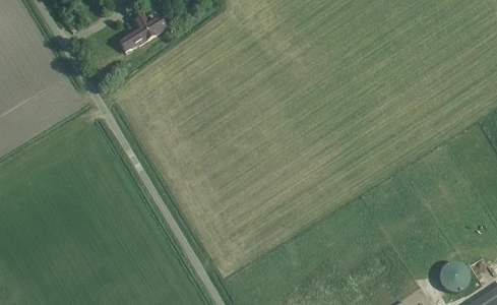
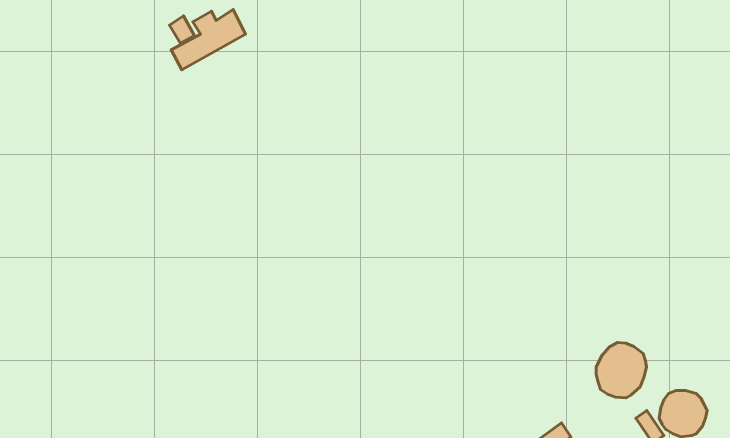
building: none -> [596,343,646,398]

